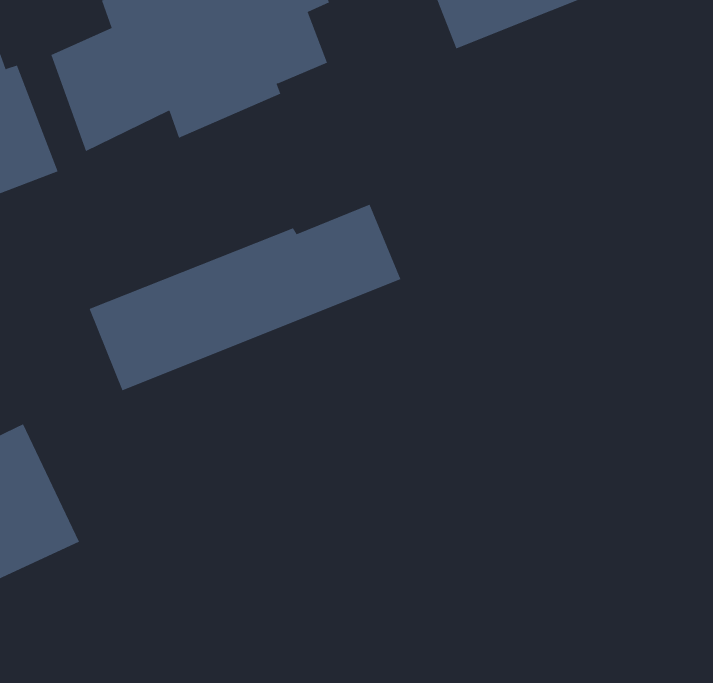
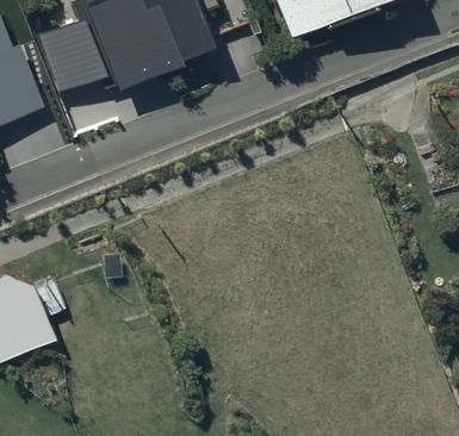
building: [89,204,401,391] -> none

